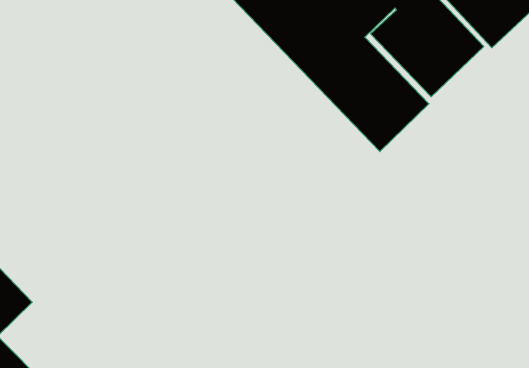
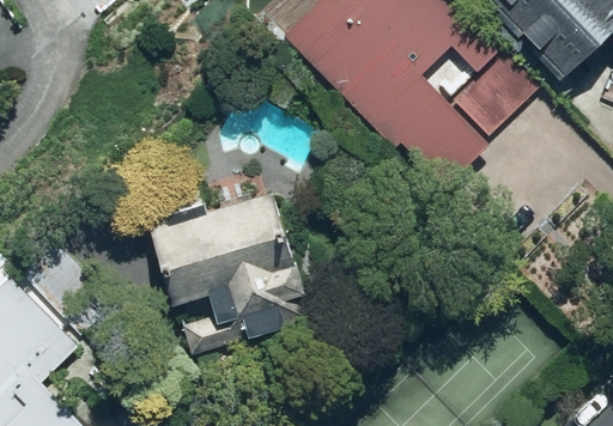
building: none -> [148,193,310,357]

